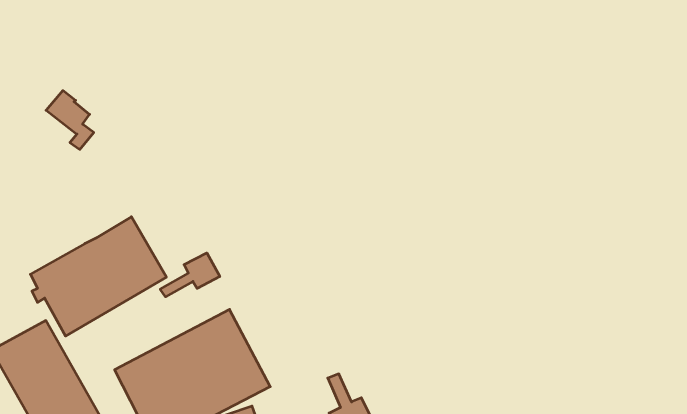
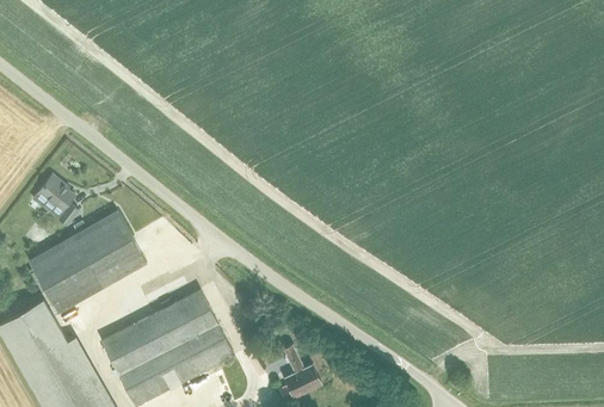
building: [46,91,94,149] -> [38,175,79,226]
building: [160,253,220,297] -> none

